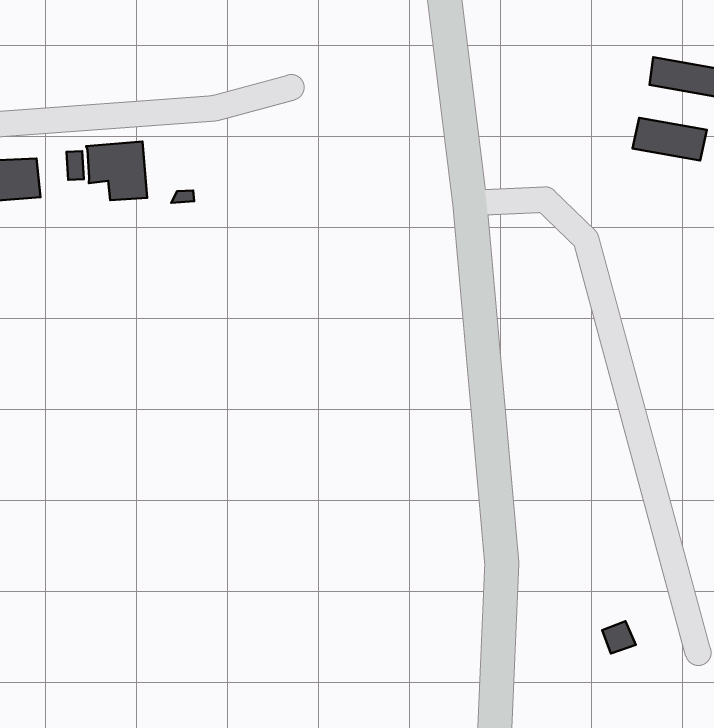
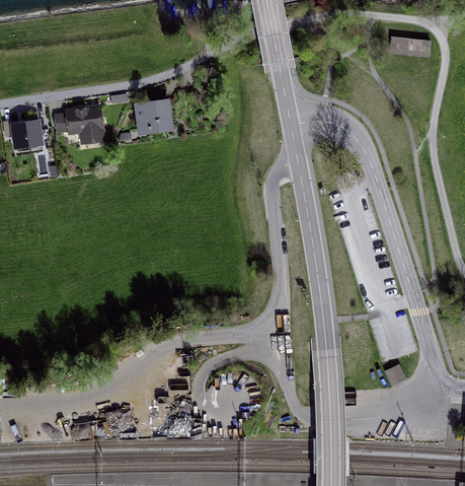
building: [632,118,707,161] -> none
building: none -> [137,102,177,130]

